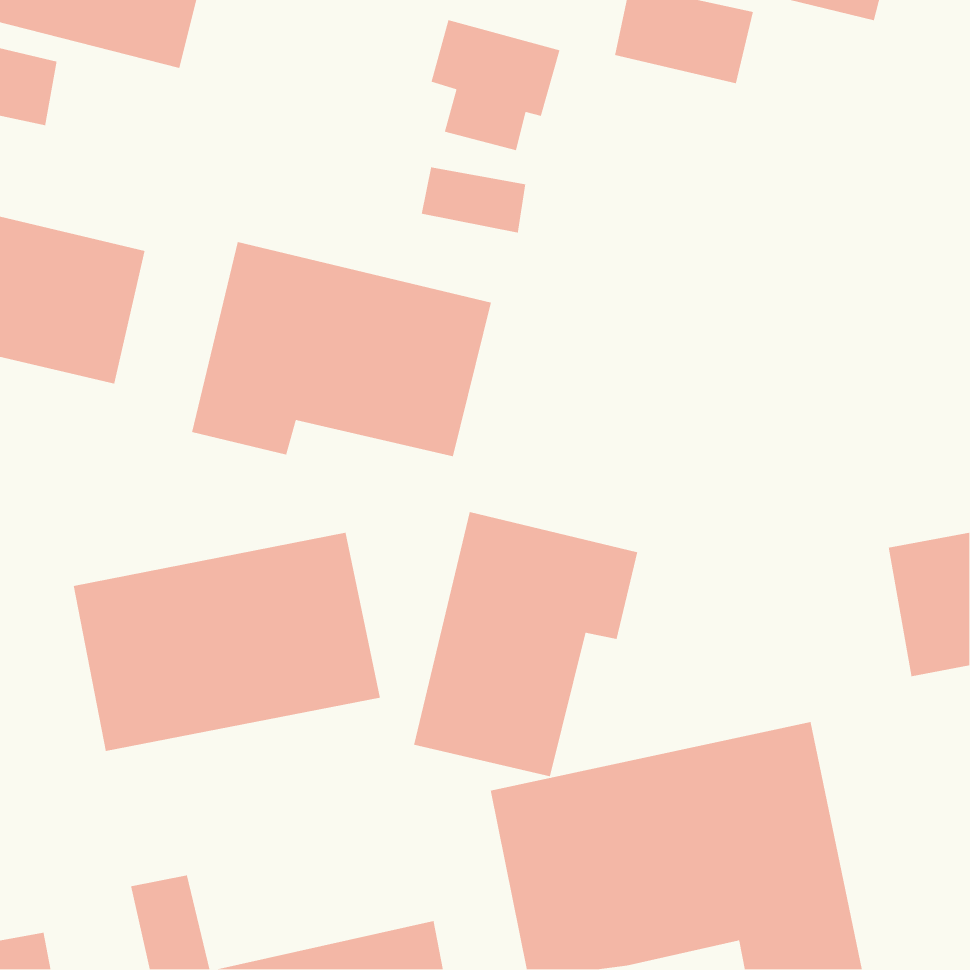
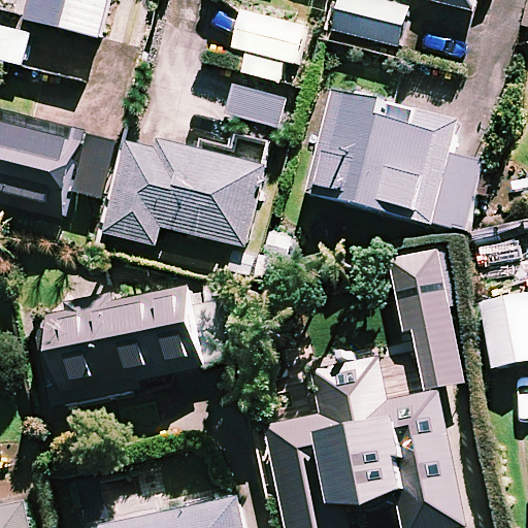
building: none -> [308,92,481,231]
building: none -> [334,251,462,406]
building: [413,511,638,777] -> none

